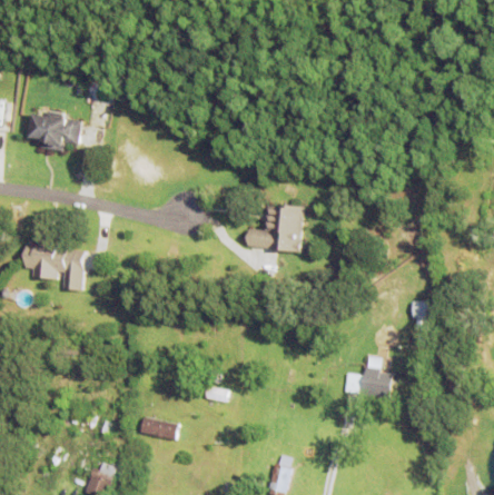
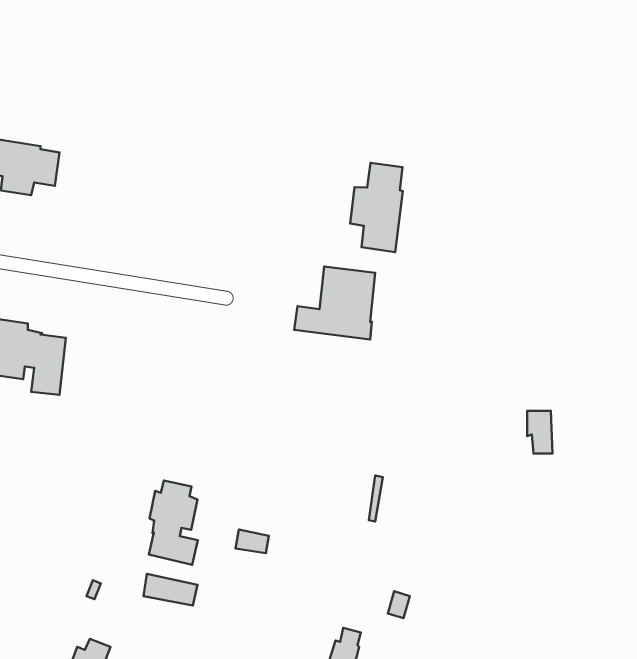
building: none -> [350,163,403,252]
building: none -> [149,480,198,565]
building: [360,366,393,398] -> none

